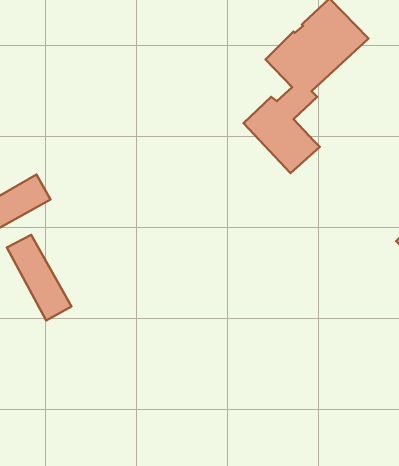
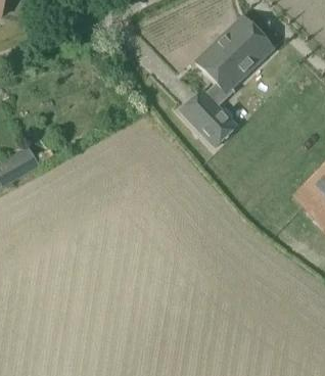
building: [7,235,71,321] -> none

